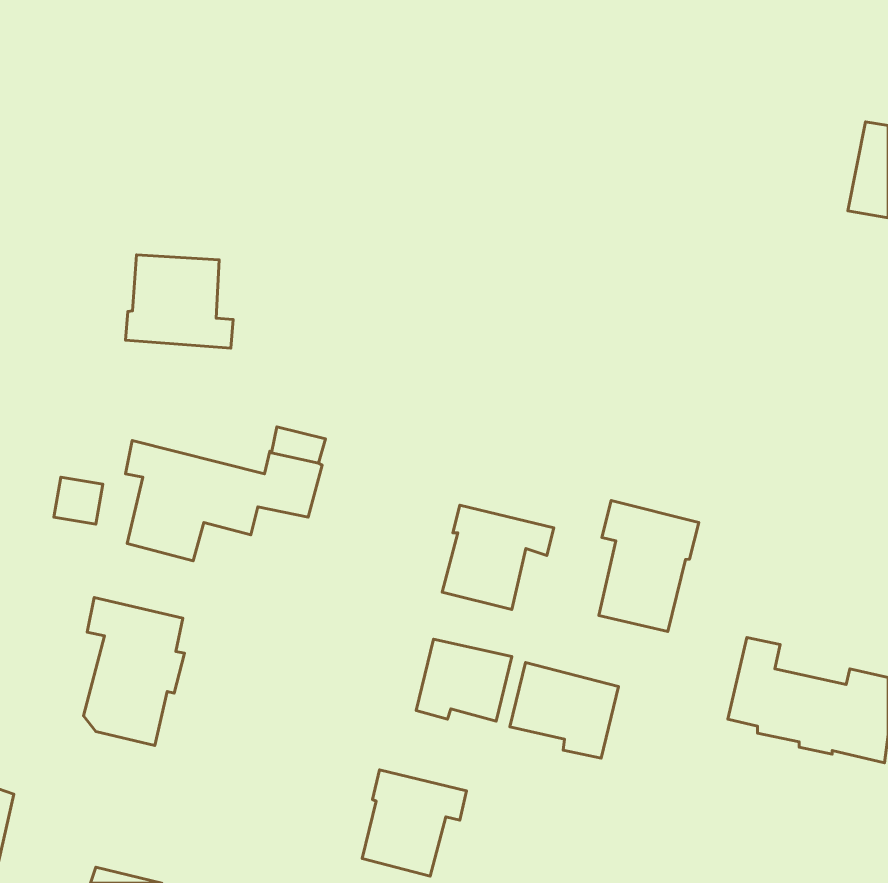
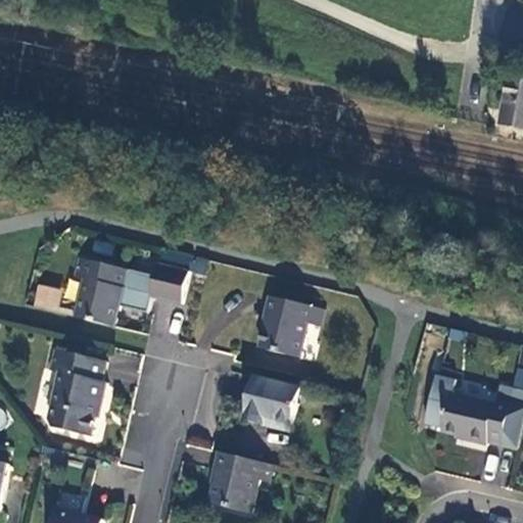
building: [126,255,233,348] -> none
building: [599,500,699,631] -> none
building: [510,662,618,758] -> none

